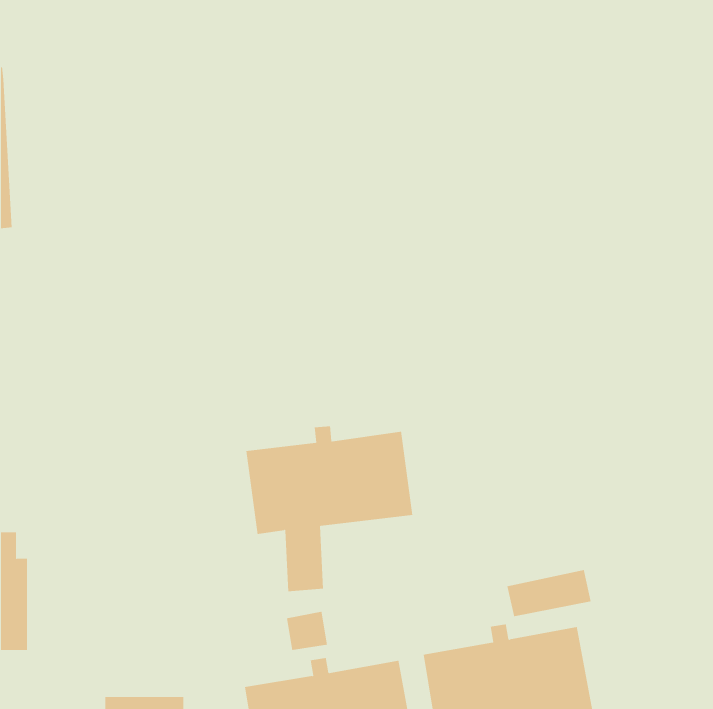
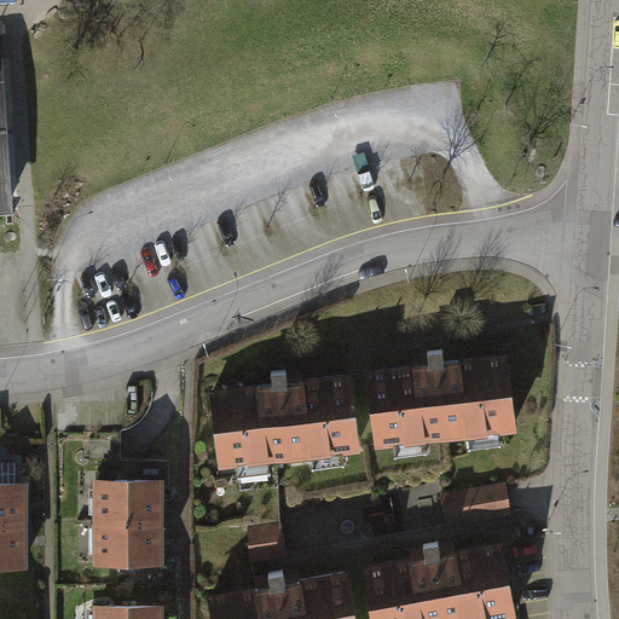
building: none -> [370,352,514,446]
building: none -> [92,463,169,583]

